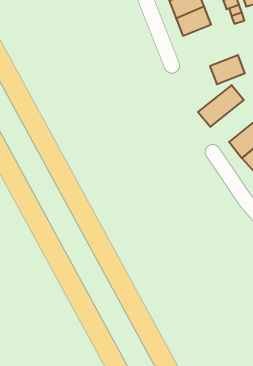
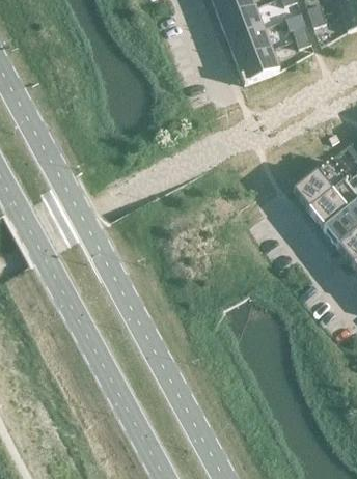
building: [210,55,245,84] -> [236,47,278,82]
building: [198,85,244,127] -> none

